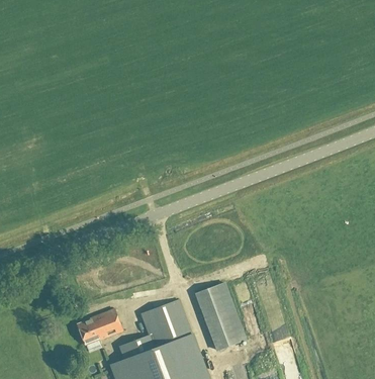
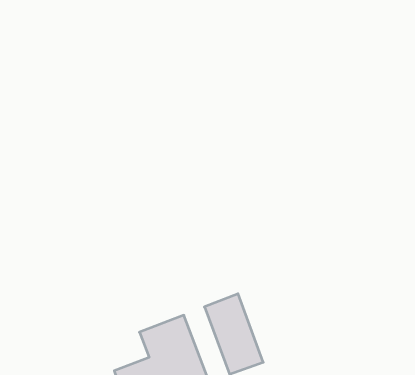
building: [78,308,123,345] -> none

